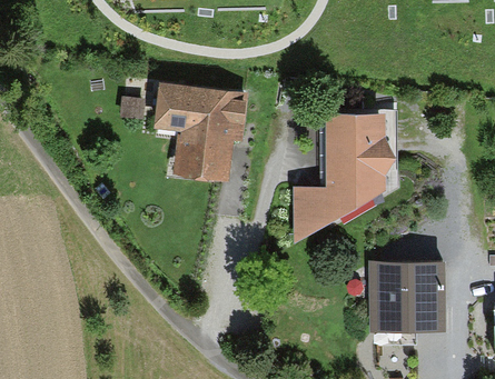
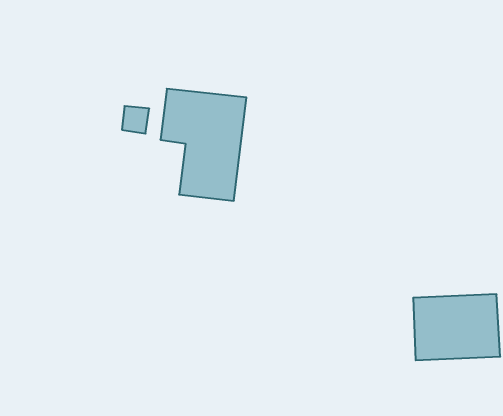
building: [297,112,376,240] -> none

